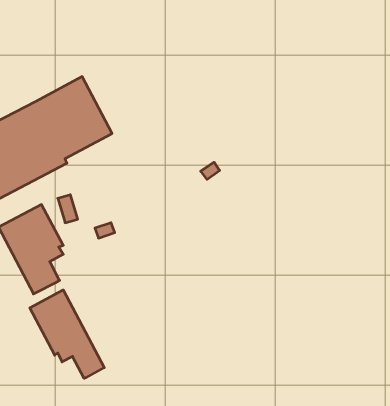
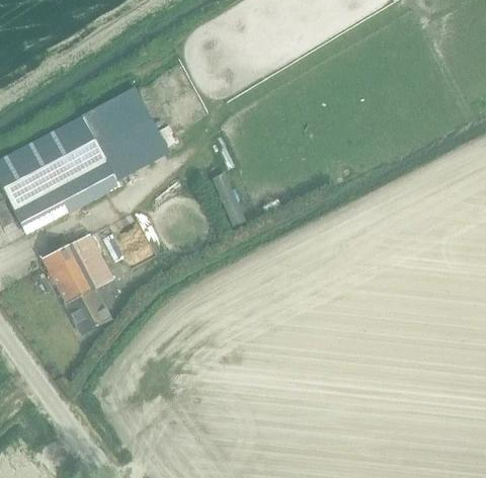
building: [30,290,104,378] -> none

